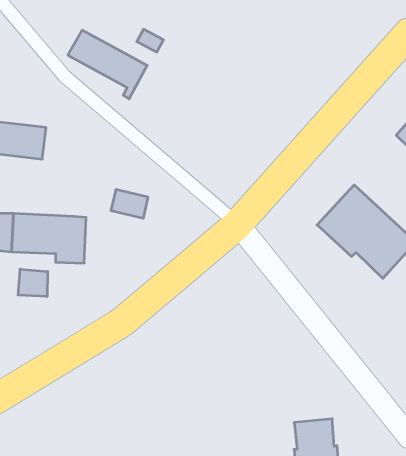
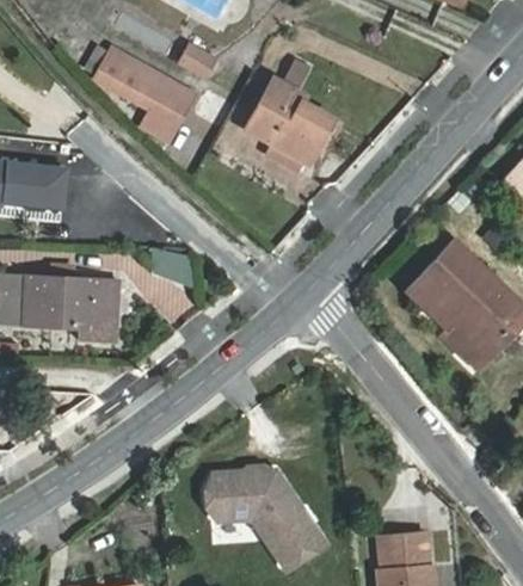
building: none -> [246,79,332,172]
building: [18,269,48,297] -> none
building: none -> [205,473,326,569]

